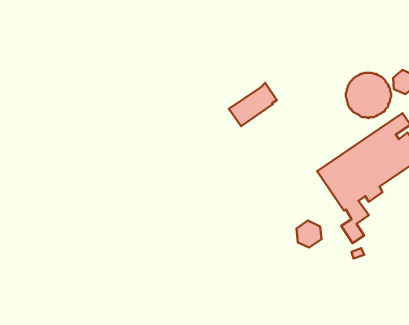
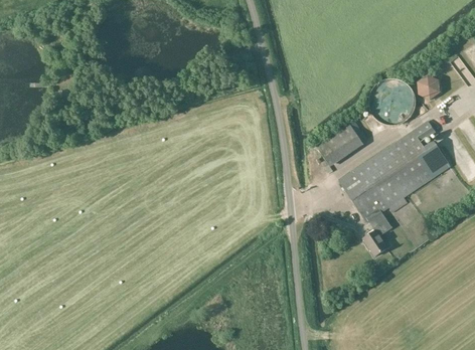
building: [229,83,277,126] -> [316,121,366,166]
building: [297,220,321,248] -> none

